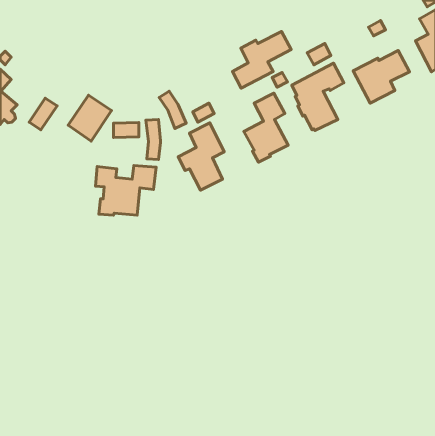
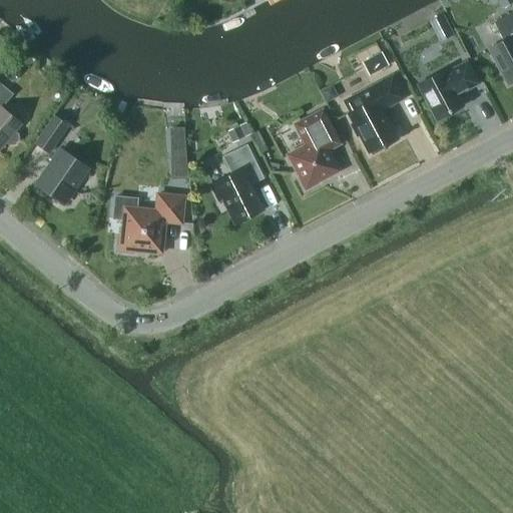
building: [233,31,291,88] -> none
building: [159,91,186,128] -> none
building: [68,95,112,141] -> [37,149,88,203]
building: [114,123,139,137] -> none

